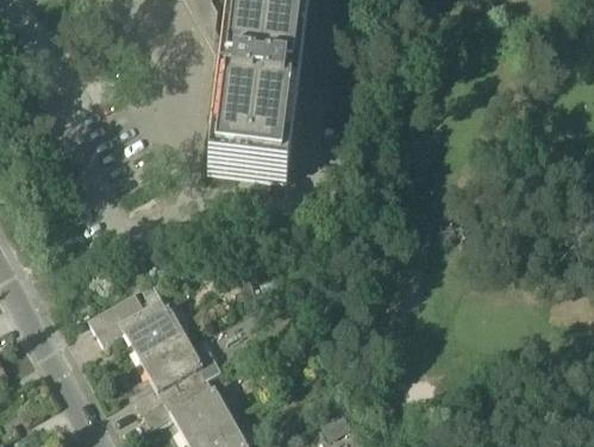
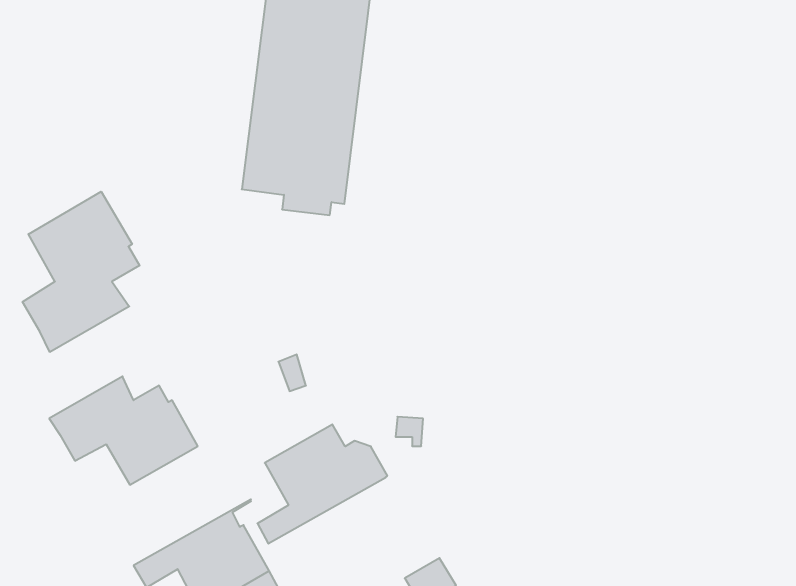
building: none -> [23,192,140,352]
building: [136,334,220,411] -> [257,424,387,544]

